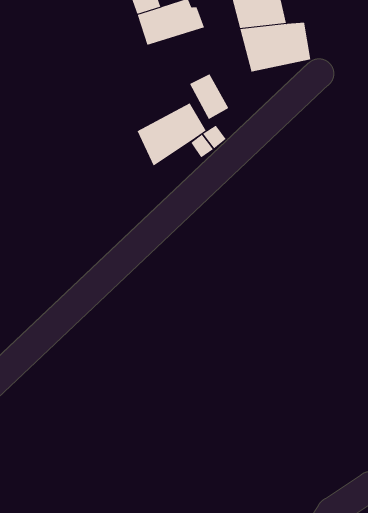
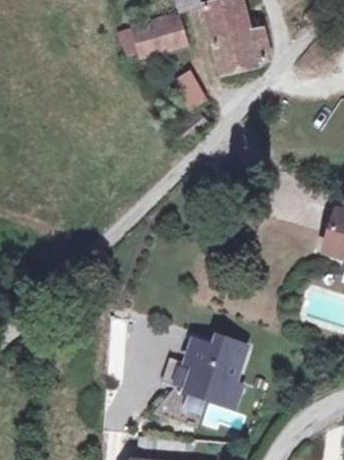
building: [137,102,207,166] -> none
building: none -> [187,340,247,410]

